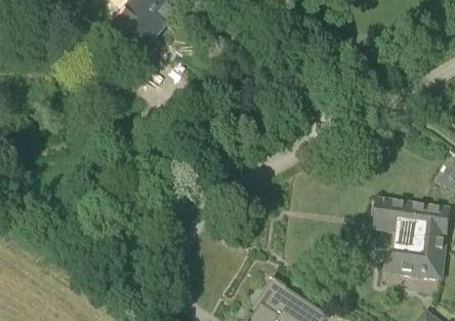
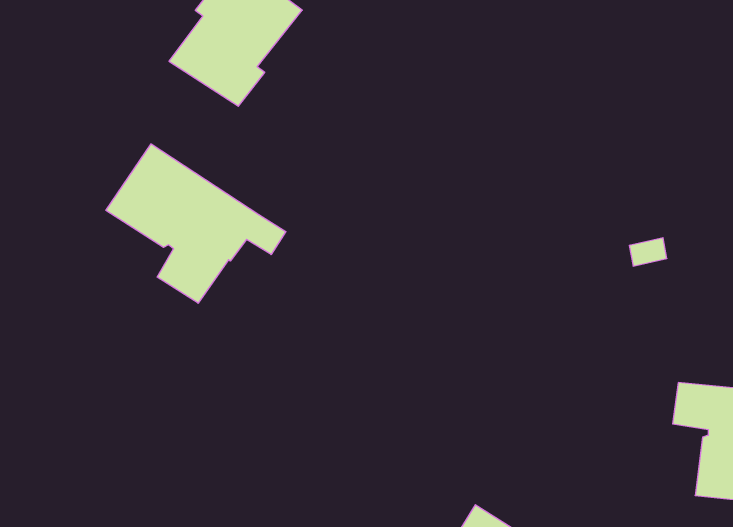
building: none -> [106,144,286,303]

